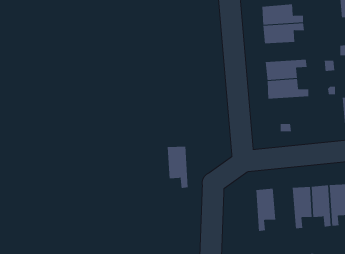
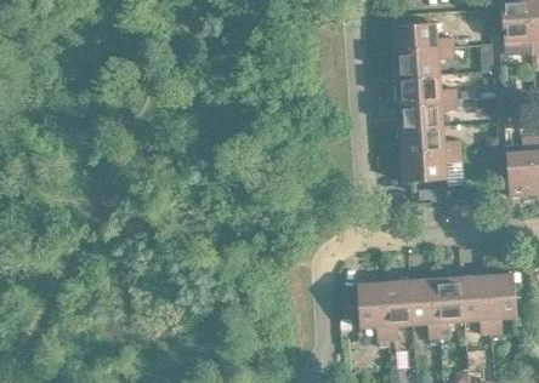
building: none -> [397,74,456,102]
building: none -> [402,150,461,181]
building: [167,146,189,188] -> [358,281,388,341]
building: none -> [410,278,441,337]

